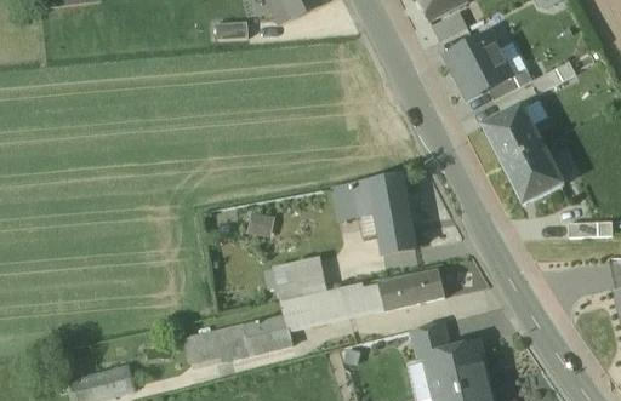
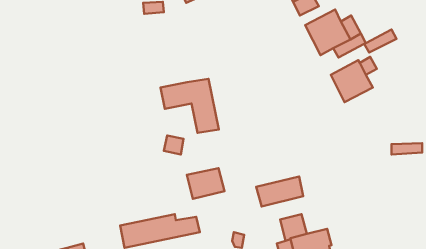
building: [502,143,563,204] -> none
building: [332,177,415,253] -> [161,79,219,133]
building: [260,283,384,331] -> none

